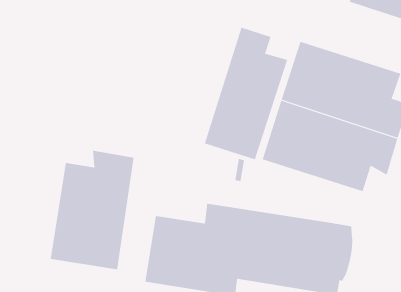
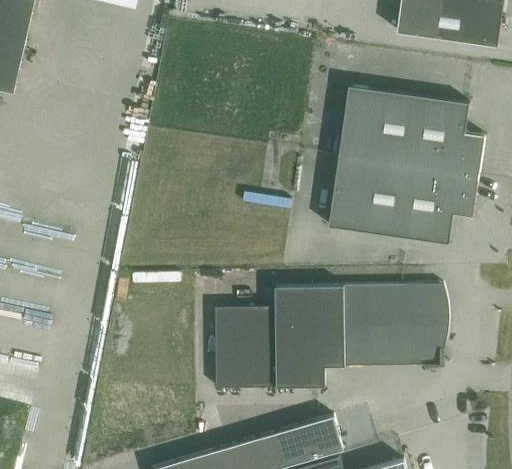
building: [204,27,288,160] -> none
building: [50,150,134,270] -> none

